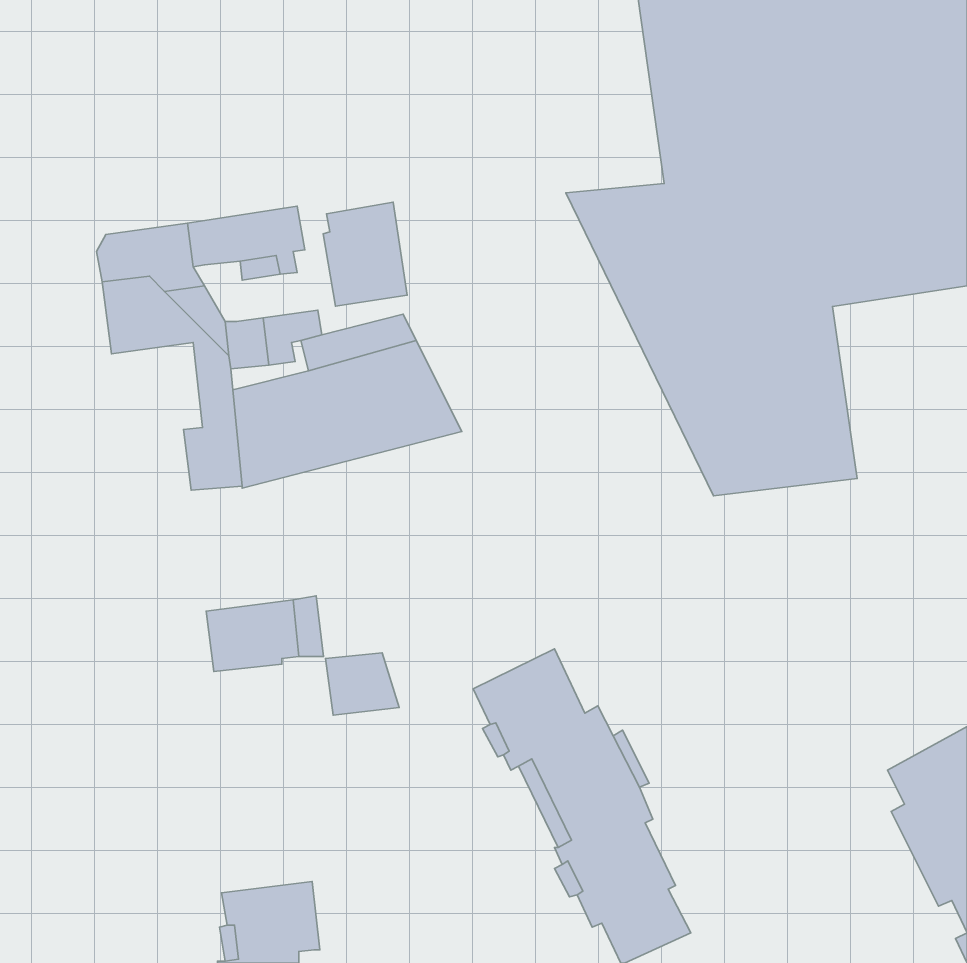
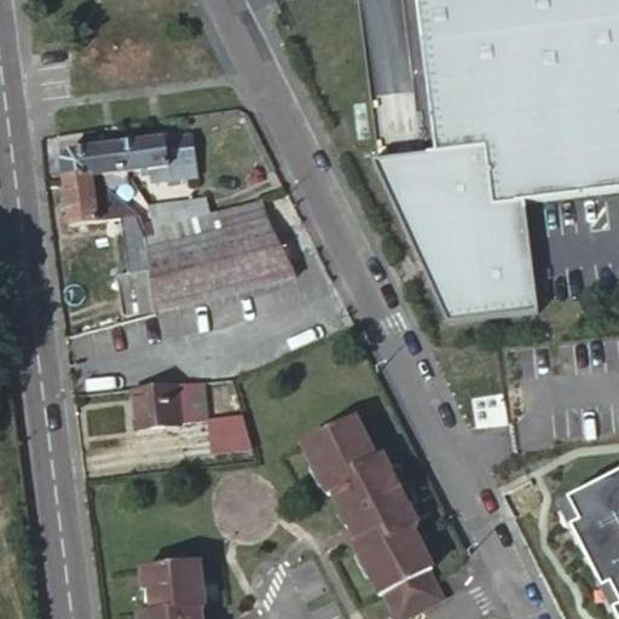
building: [323,202,407,306] -> none

